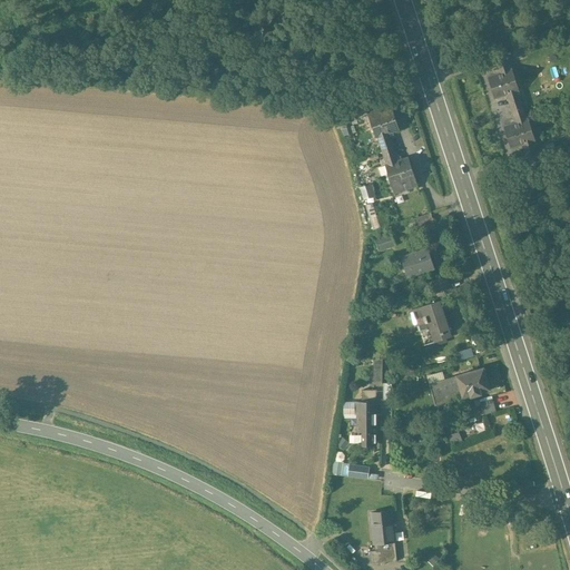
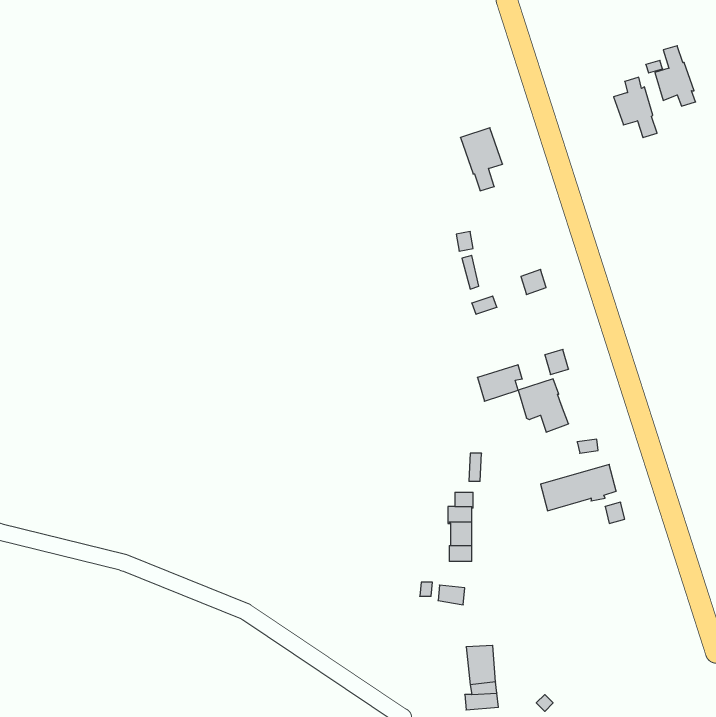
building: [503,106,535,154] -> [655,46,696,106]
building: [381,148,416,194] -> none
building: [401,247,436,276] -> [477,365,522,401]

